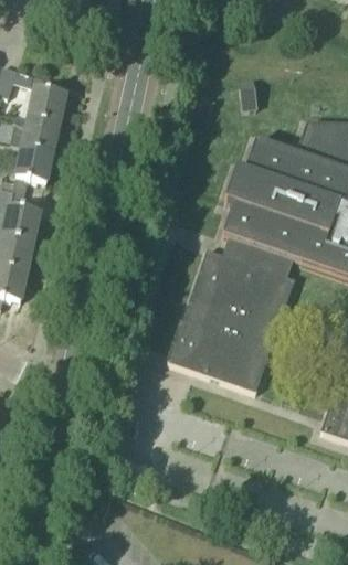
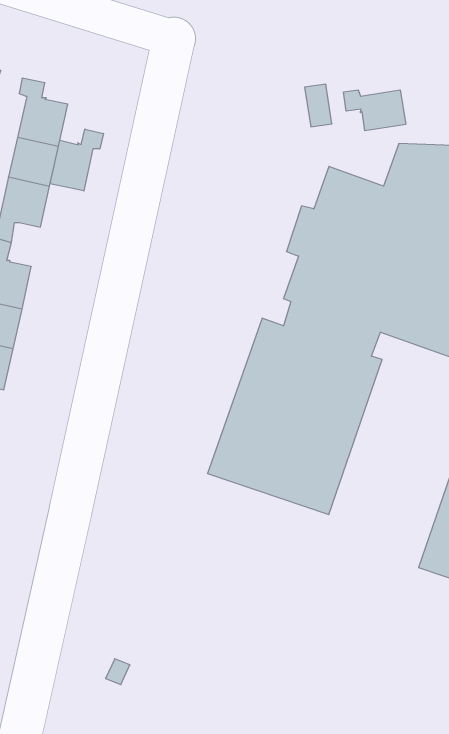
building: none -> [344,90,406,131]
building: none -> [50,129,103,191]

